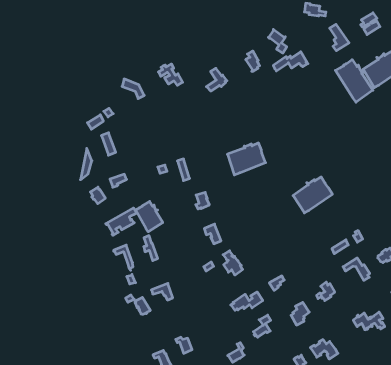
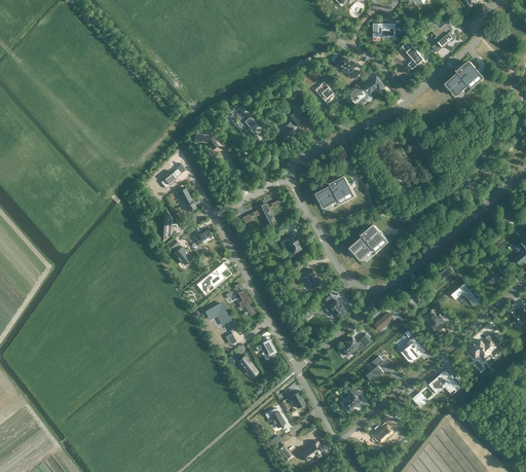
building: [335,60,373,102] -> none
building: [293,177,332,213] -> [346,224,387,264]
building: [135,201,163,232] -> none

